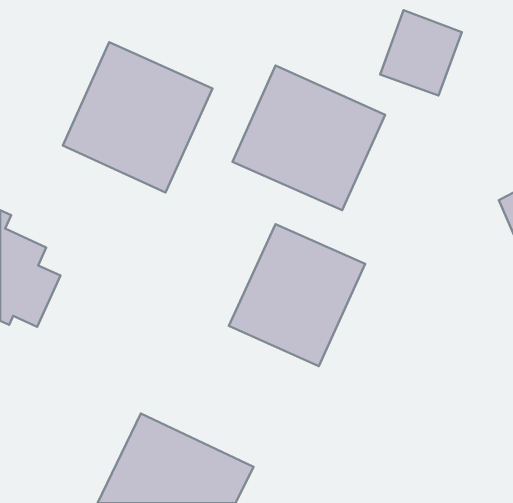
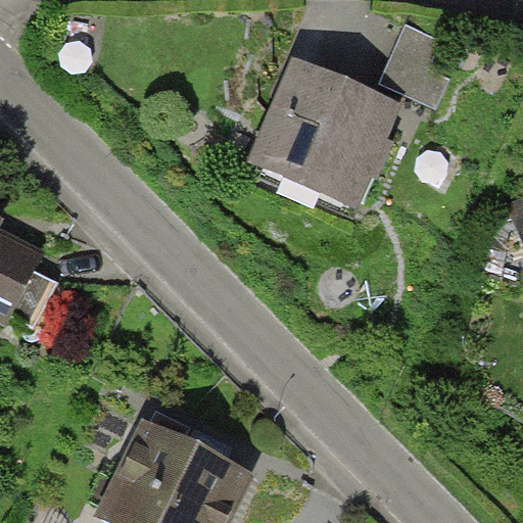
building: [63,42,212,193] -> none
building: [229,224,365,366] -> none

